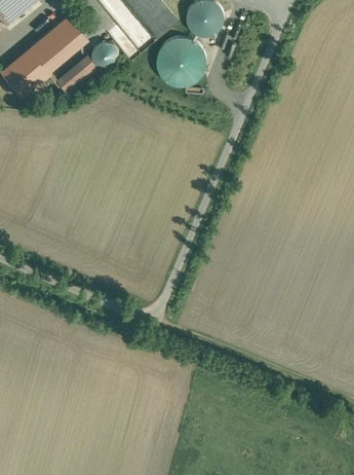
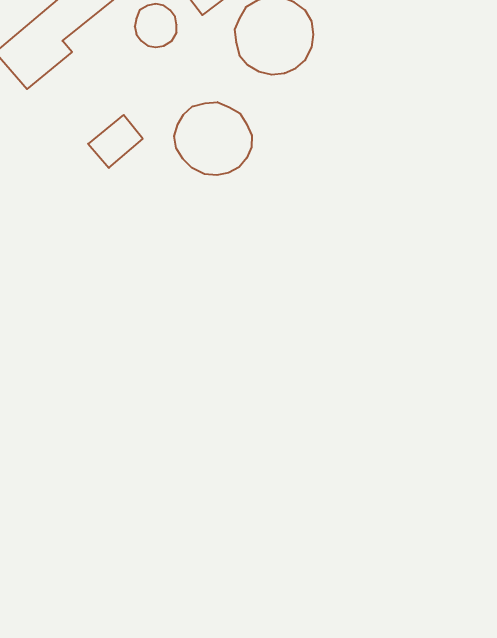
building: [56,60,91,94] -> [88,115,143,168]
building: none -> [174,102,252,175]

